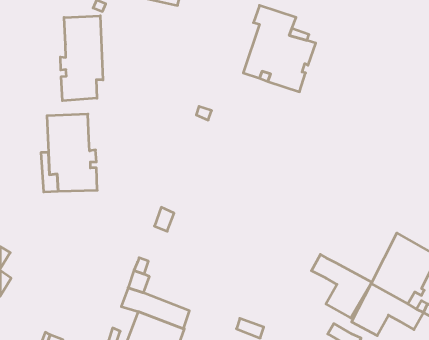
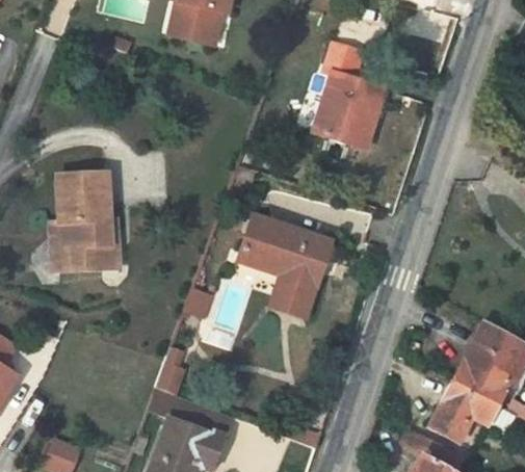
building: [60,16,103,101] -> none
building: none -> [238,215,329,319]
building: [311,254,372,318] -> none

